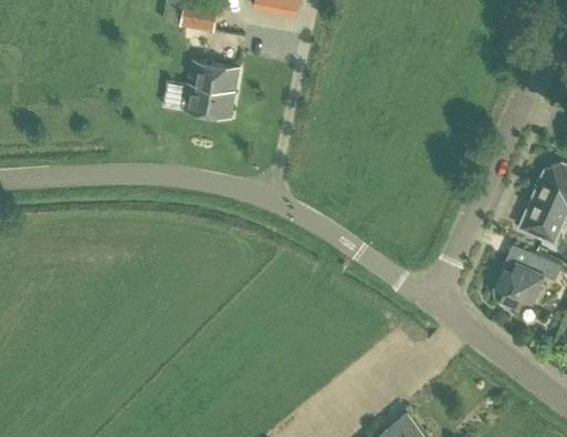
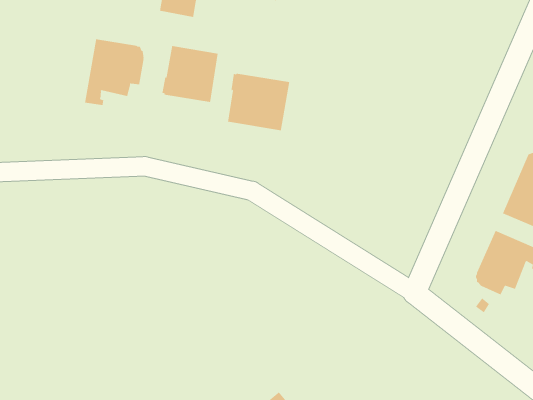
building: none -> [84,38,144,106]
building: none -> [228,73,290,131]

